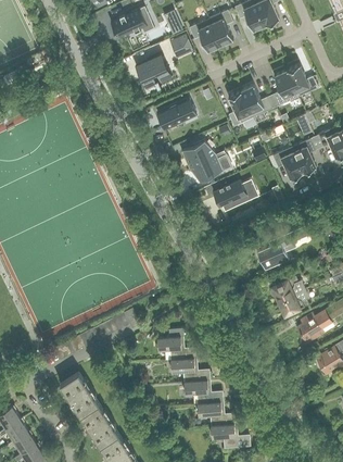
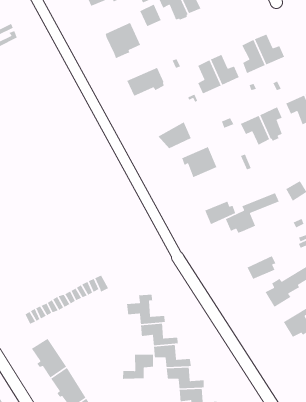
building: [180,140,215,168] -> none
building: [271,276,304,301] -> [204,201,236,225]
building: none -> [122,354,154,380]

